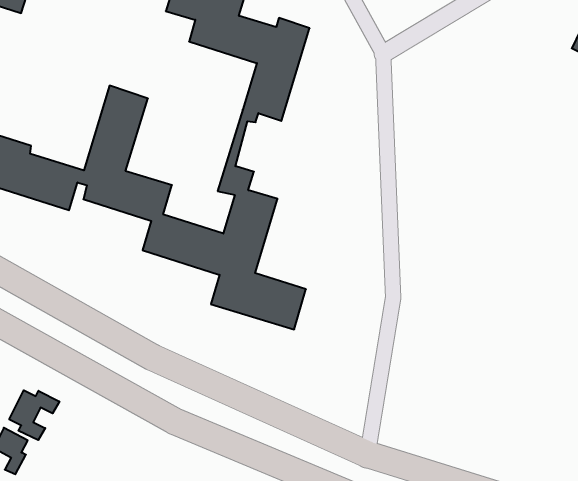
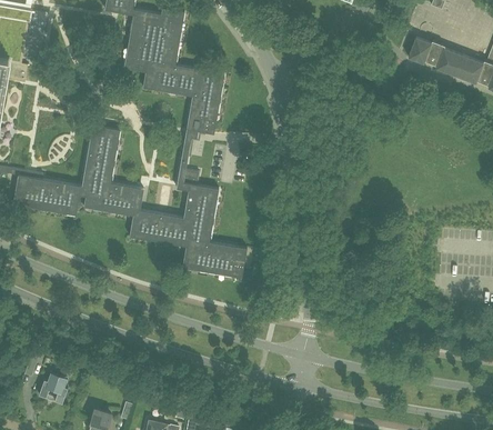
building: [9,390,59,440] -> none

